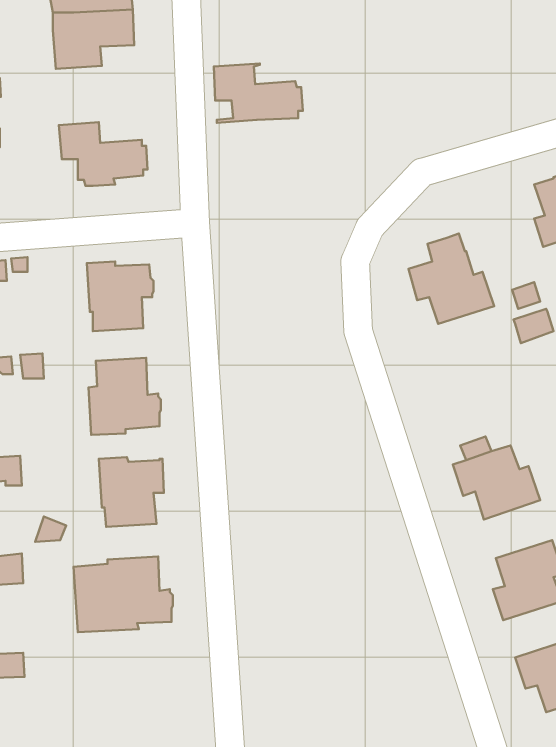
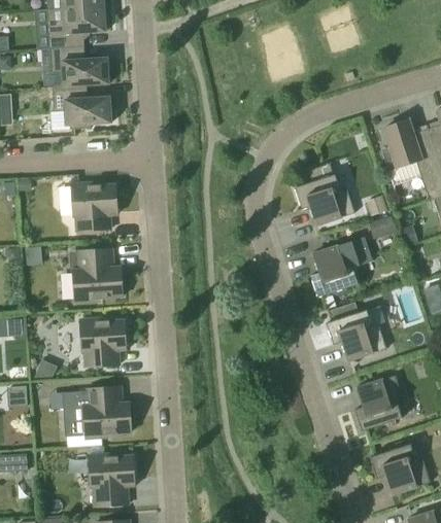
building: [214,63,303,123] -> [49,46,111,88]
building: none -> [310,237,372,298]
building: none -> [89,454,133,507]

